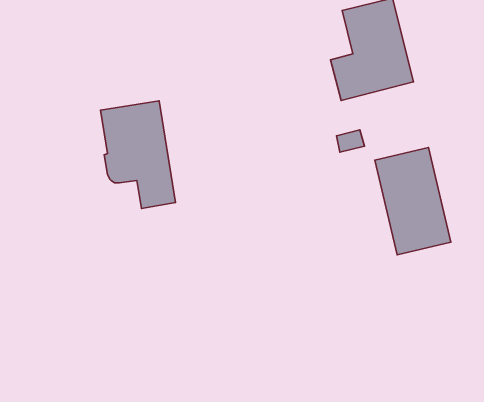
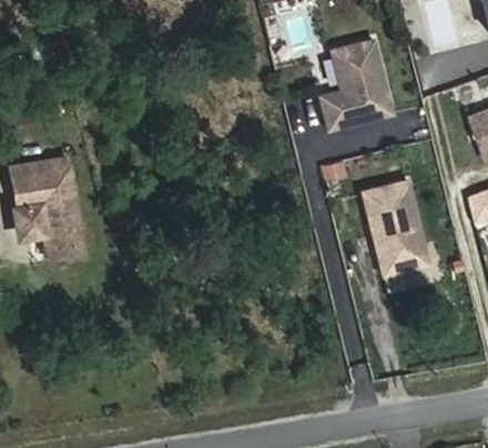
building: [101,101,175,208] -> [10,156,81,258]

